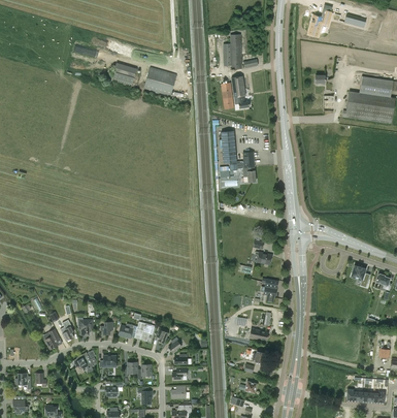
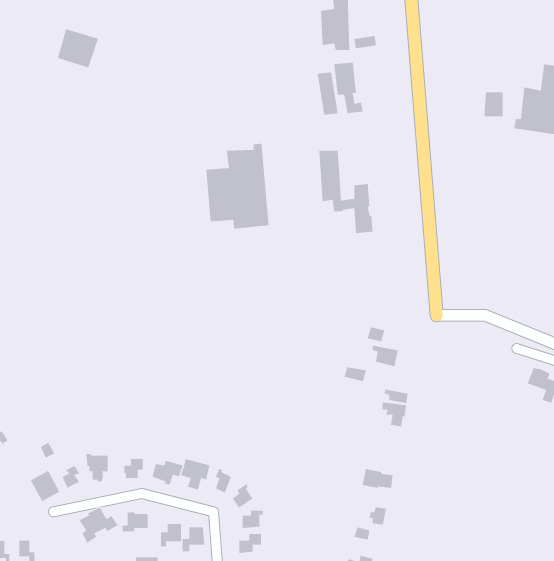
building: [111,63,137,88] -> [57,28,99,68]
building: [143,67,176,96] -> none
building: none -> [206,143,269,229]

